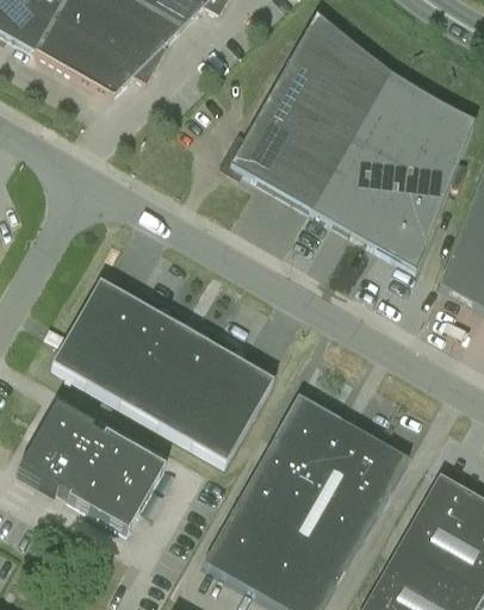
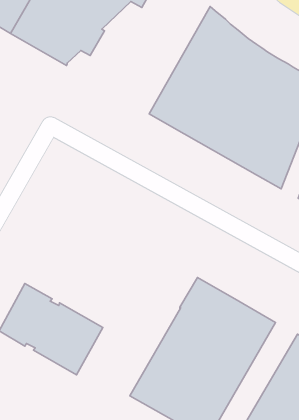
building: [51,280,273,462] -> none

